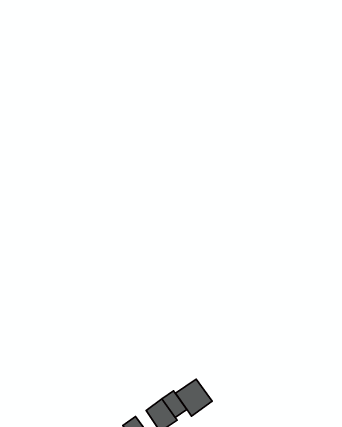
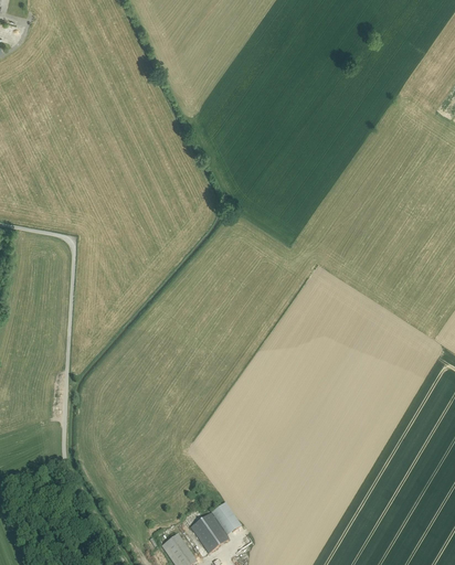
building: [176,379,212,416] -> none

